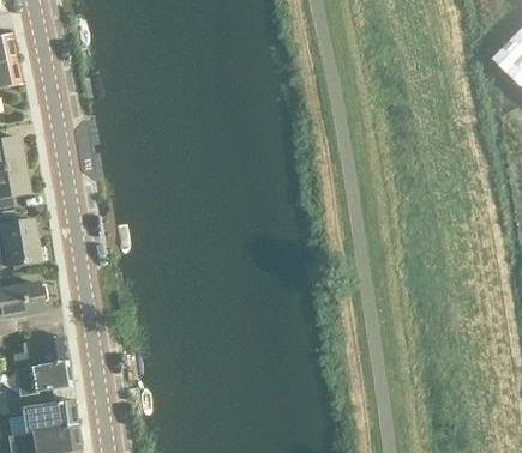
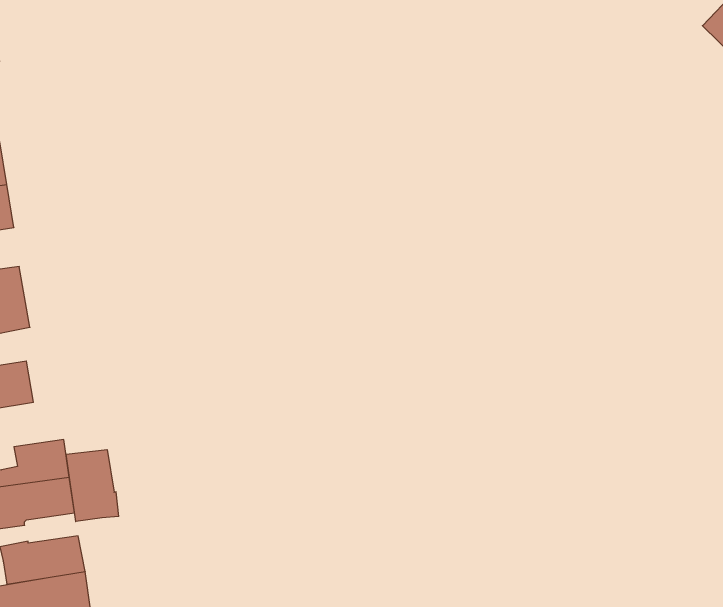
building: none -> [66,450,119,522]

